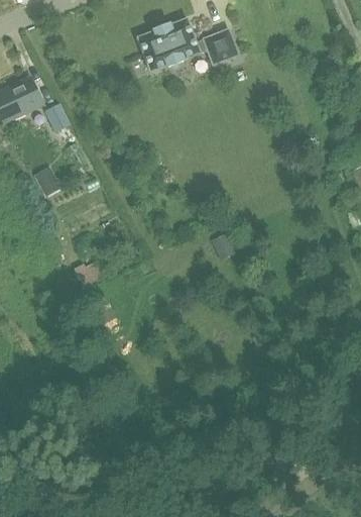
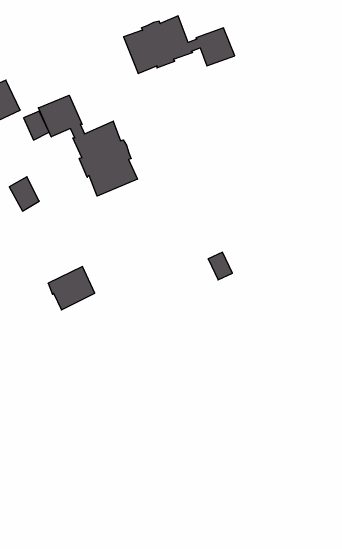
building: none -> [38,95,137,196]

